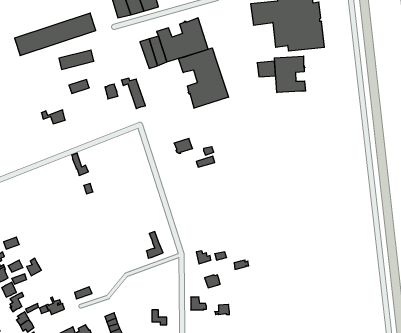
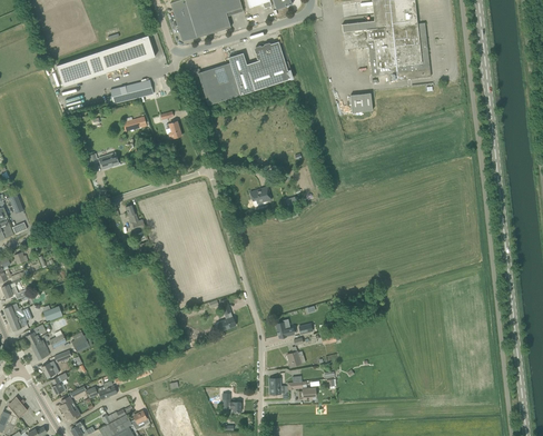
building: [178,48,229,108] -> none
building: [274,56,305,93] -> none
building: [121,78,145,109] -> [190,69,219,106]

